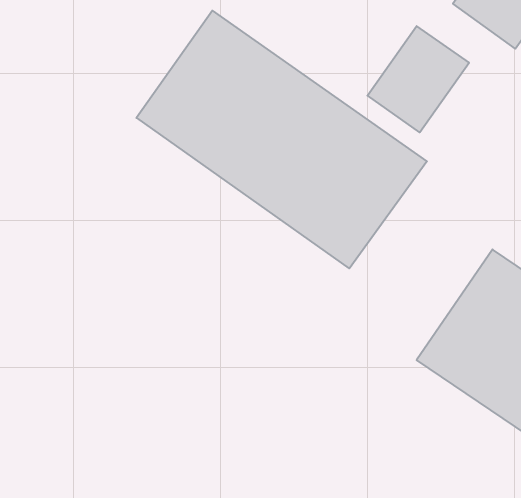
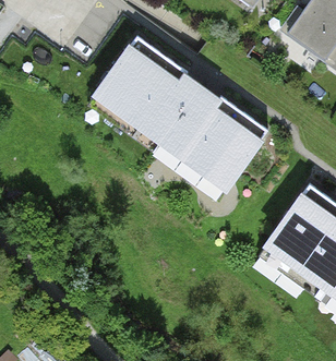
building: [367,26,469,132] -> none

